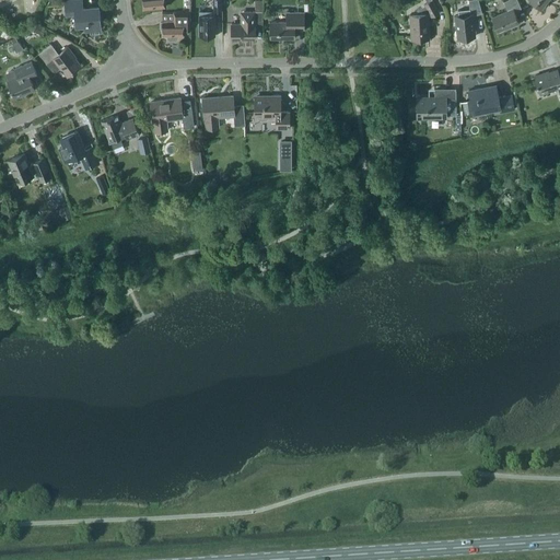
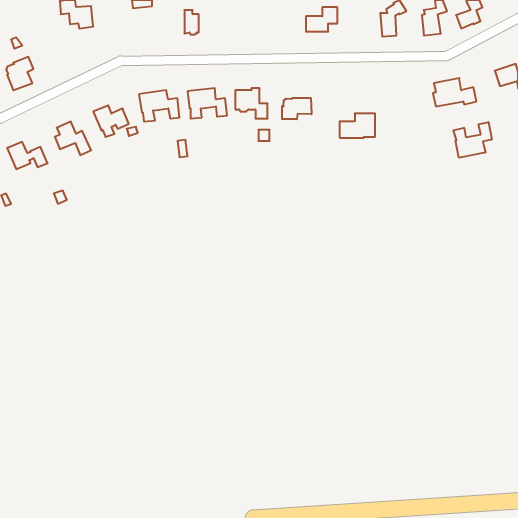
building: [231,11,262,38] -> none
building: [162,12,189,40] -> none
building: [270,12,304,38] -> [306,7,337,32]
building: [38,44,80,75] -> none
building: [418,90,456,116] -> [340,113,375,138]
building: none -> [282,98,311,119]
building: none -> [453,122,492,158]

